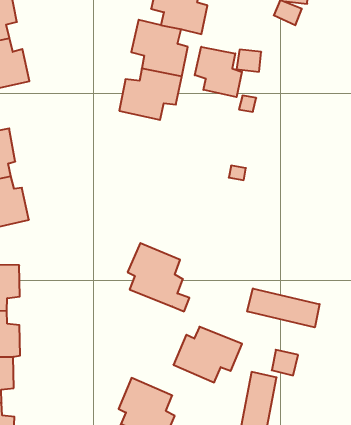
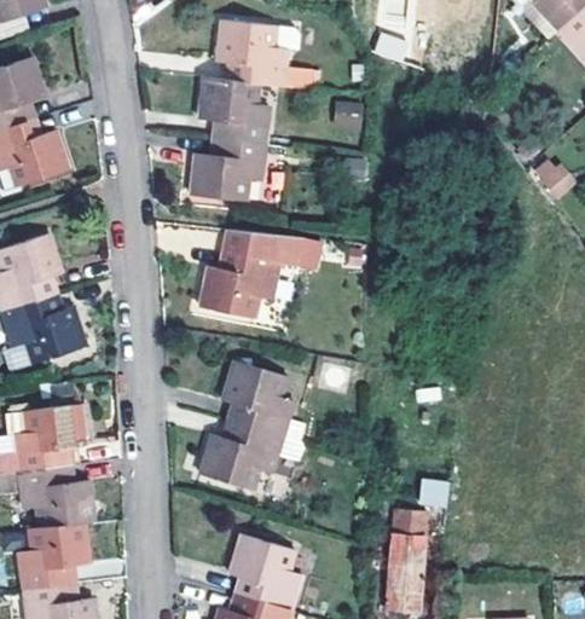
building: [195,47,242,97] -> none
building: none -> [198,230,301,317]
building: [247,288,320,327] -> none
building: [173,327,242,382] -> [198,421,283,490]

